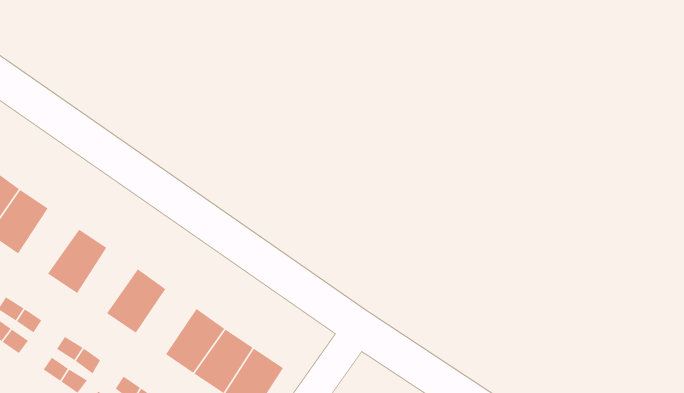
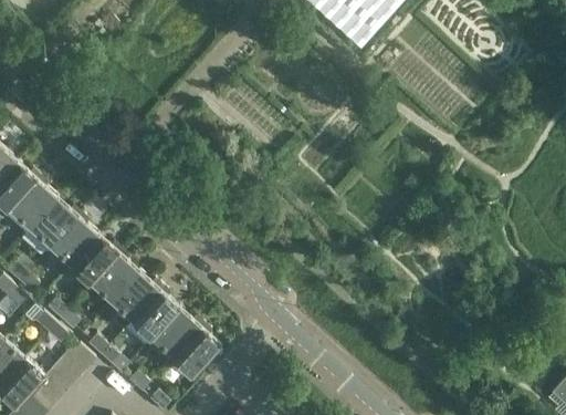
building: none -> [29,198,77,248]
building: none -> [70,235,118,284]
building: none -> [111,272,159,322]

